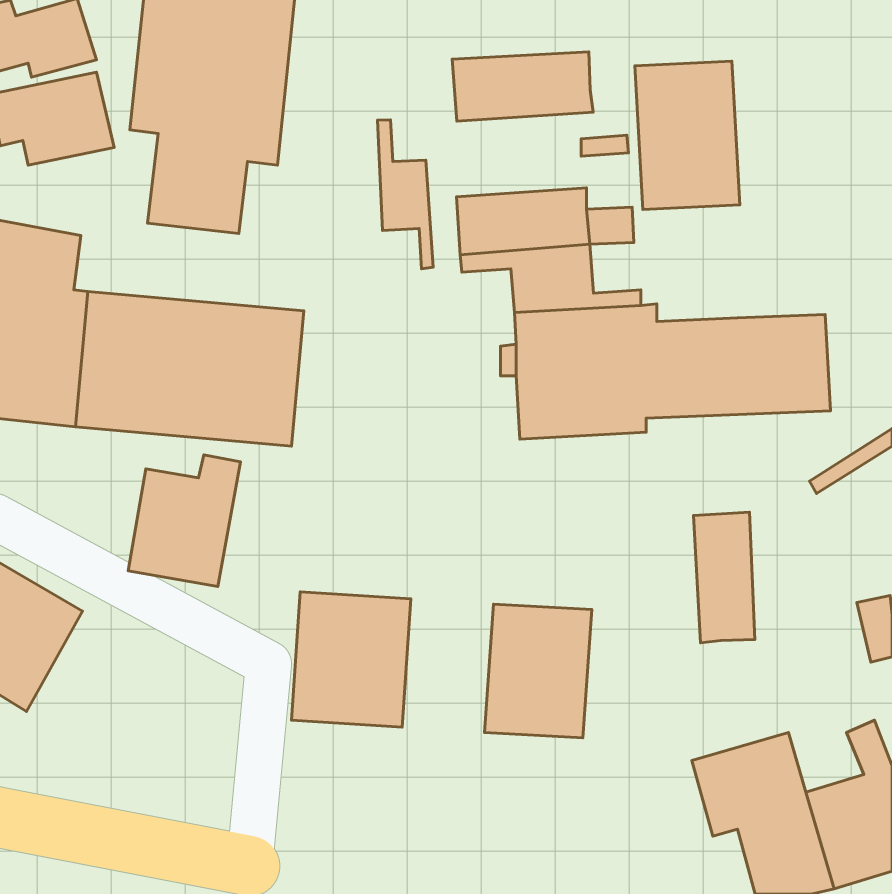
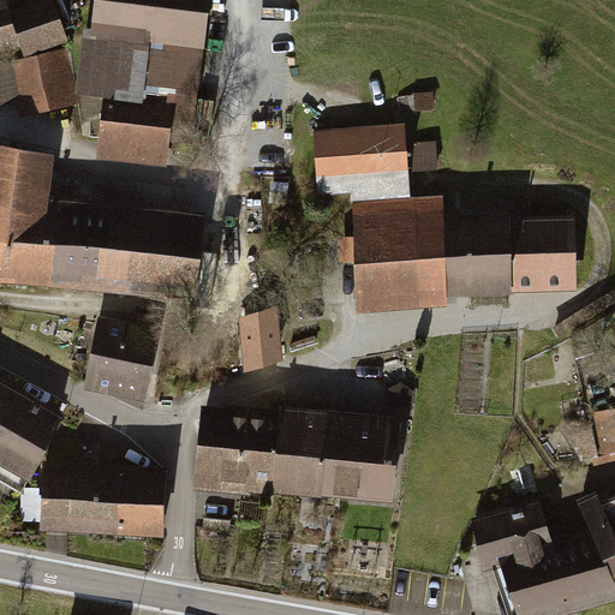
building: [452,52,593,121] -> none
building: [635,61,740,210] -> none
building: [377,120,433,269] -> none
building: none -> [239,311,280,369]
building: [693,512,755,643] -> none
building: none -> [275,410,338,501]
building: none -> [41,461,165,539]

